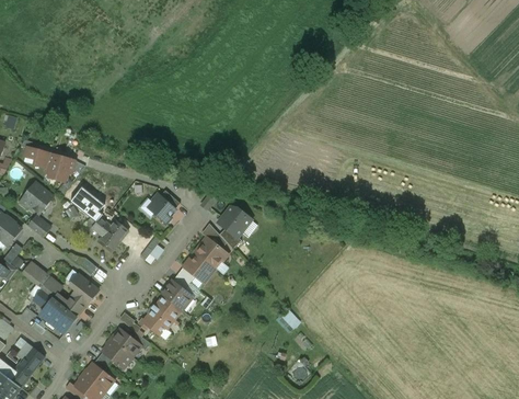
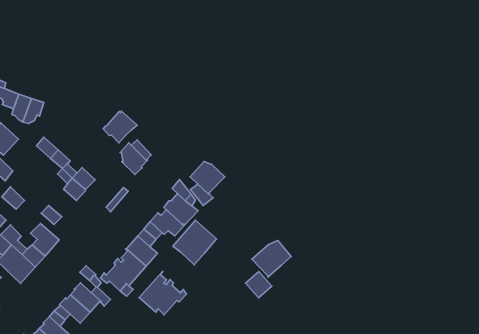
building: none -> [103,111,137,143]
building: none -> [173,220,217,265]
building: none -> [252,241,291,277]
building: none -> [139,272,187,315]

